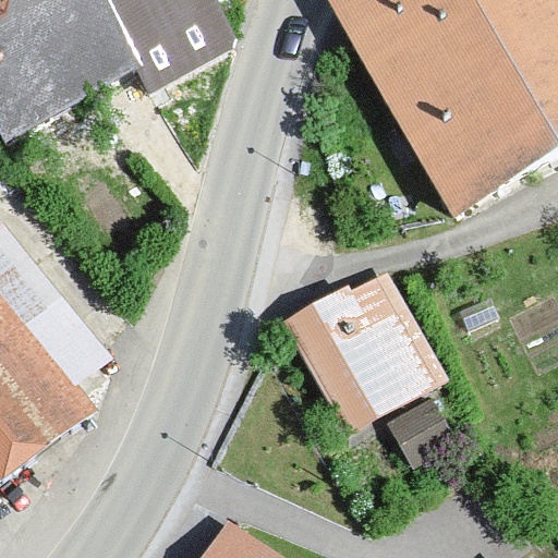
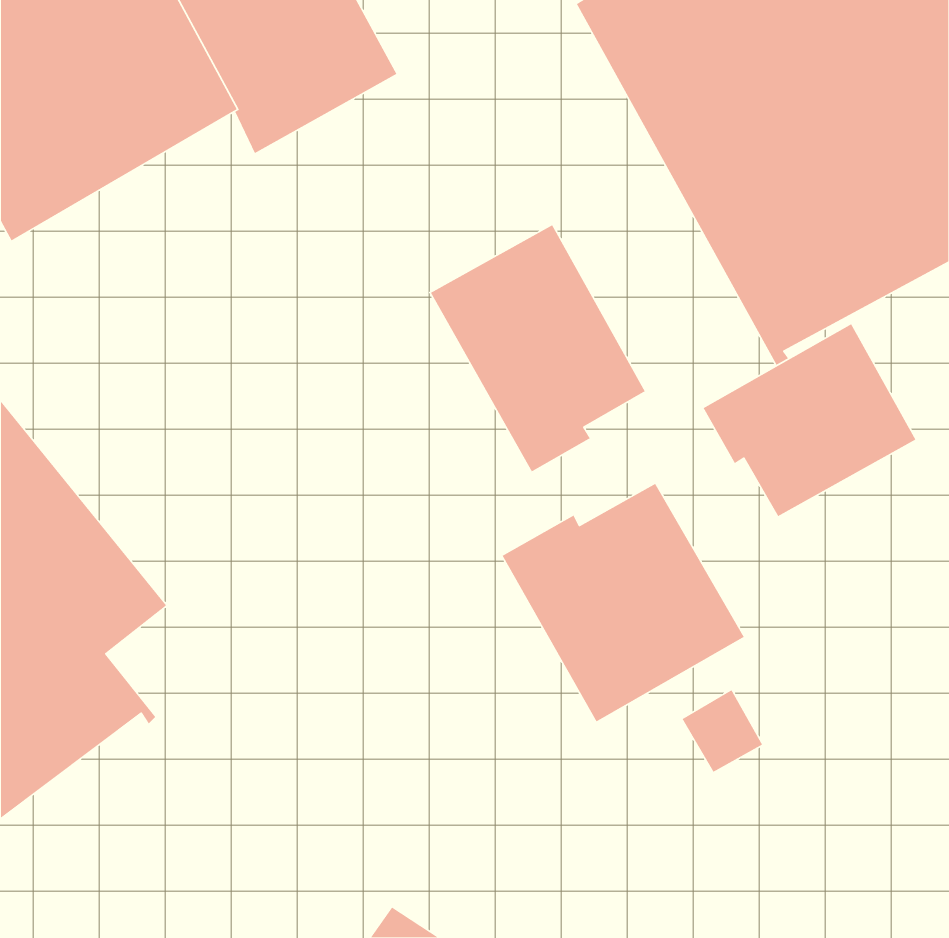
building: none -> [430,224,646,472]
building: none -> [702,323,917,517]

